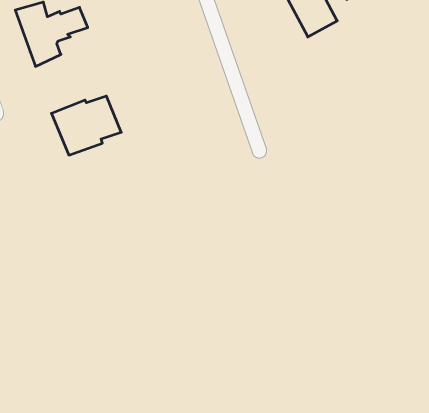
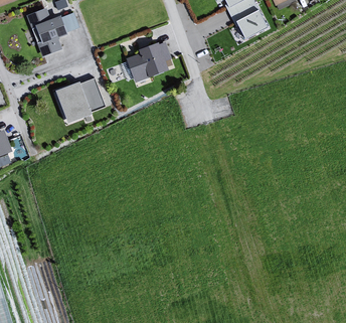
building: none -> [126,42,171,84]

